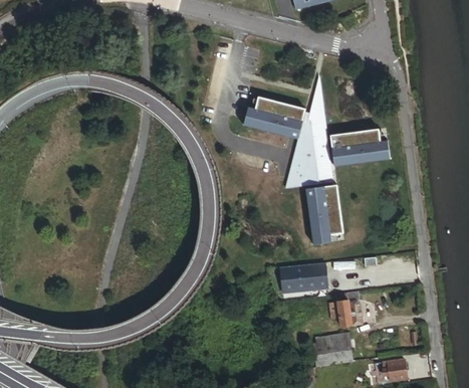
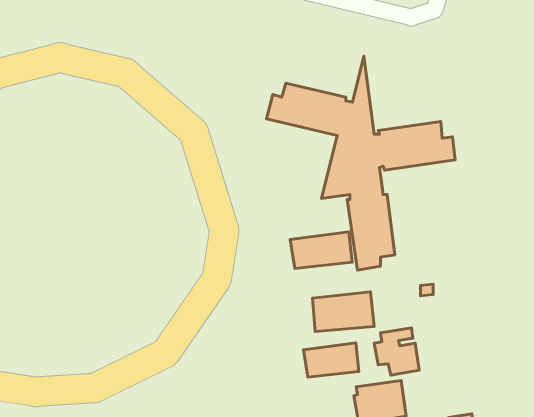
building: none -> [290,232,352,269]
building: none -> [304,343,359,377]

